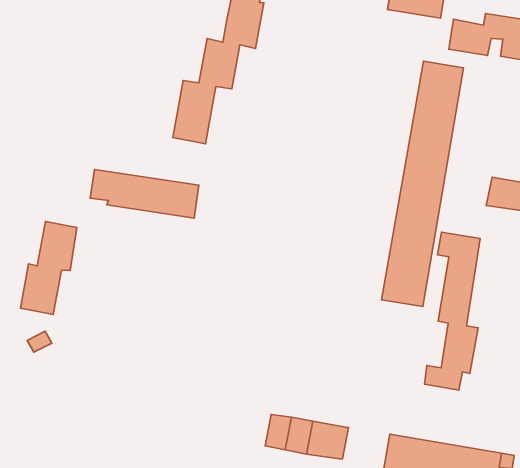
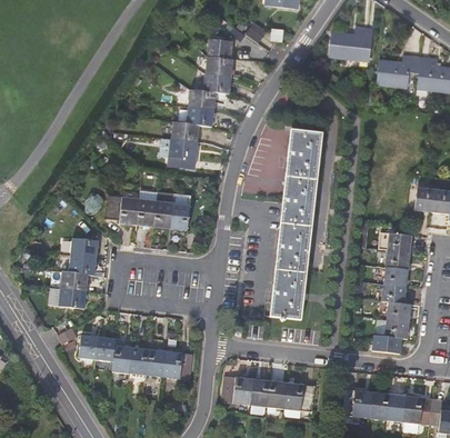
building: [381,61,464,307] -> [271,127,324,316]
building: none -> [80,335,193,380]
building: none -> [226,374,256,401]

